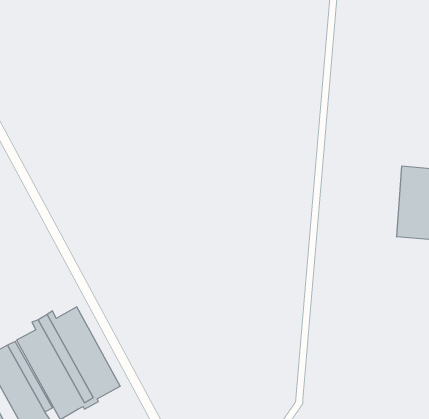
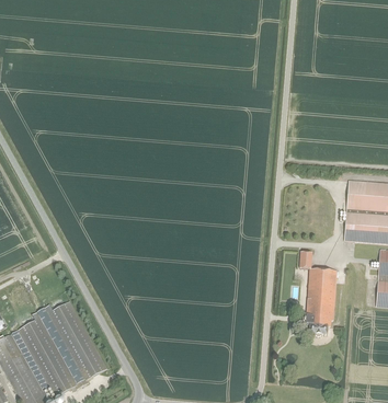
building: none -> [300,250,336,335]

